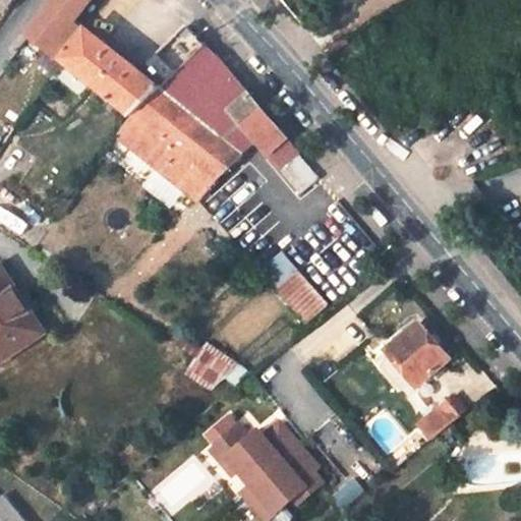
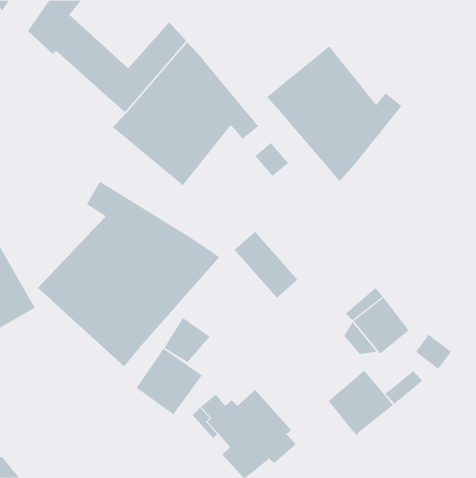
building: none -> [266,45,402,182]
building: none -> [37,181,220,367]
building: none -> [136,348,203,416]
building: none -> [328,370,394,436]

